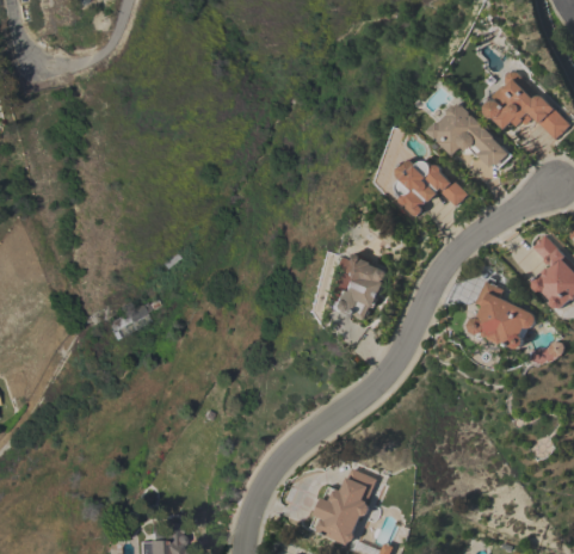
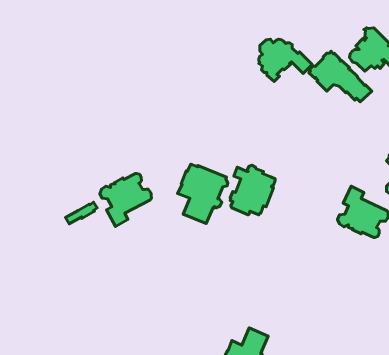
building: [396,160,467,216] -> [259,39,312,82]
building: none -> [178,164,228,224]
building: none -> [100,173,151,227]

